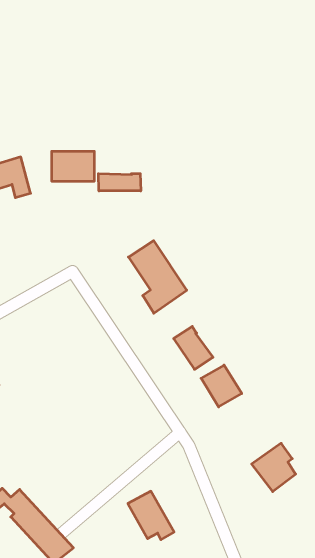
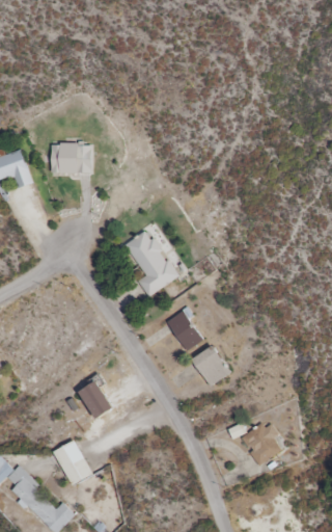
building: [98,174,141,191] -> none
building: none -> [83,382,110,417]
building: [128,491,174,540] -> [53,440,96,485]

